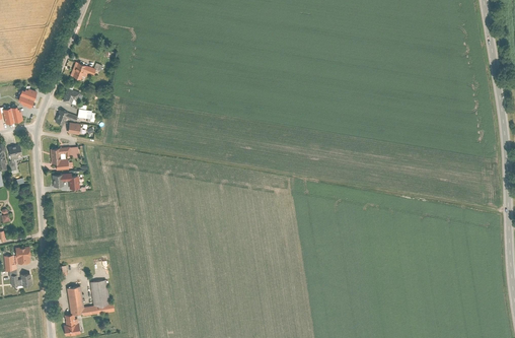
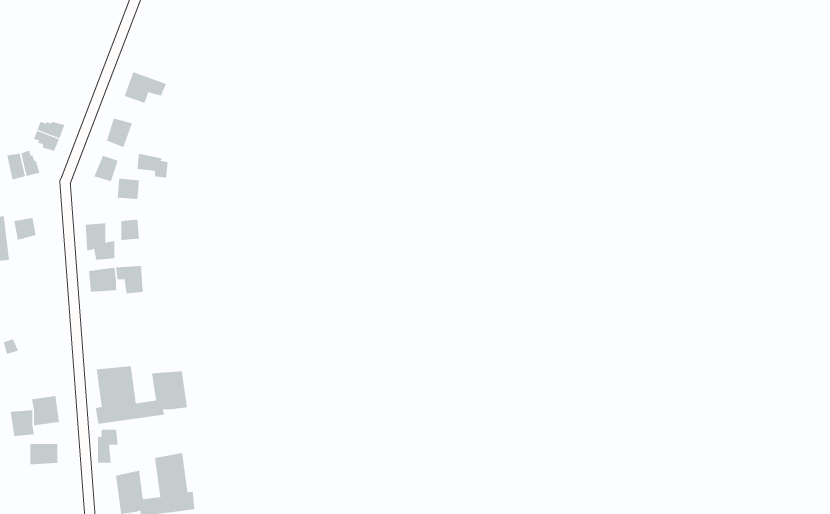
building: none -> [95,365,187,425]

